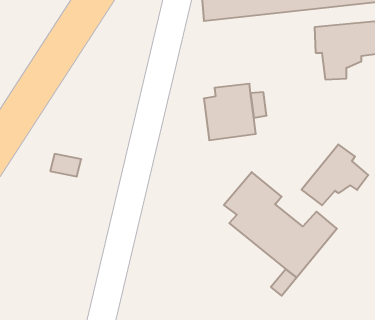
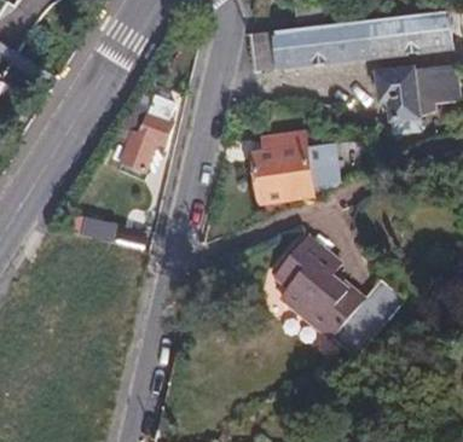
building: none -> [127,91,176,167]
building: [302,144,368,205] -> none

